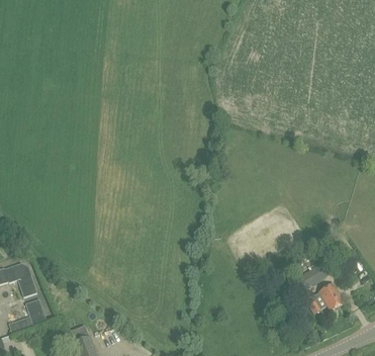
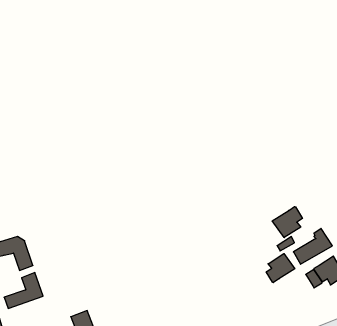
building: none -> [272,207,302,238]
building: none -> [266,254,295,283]

